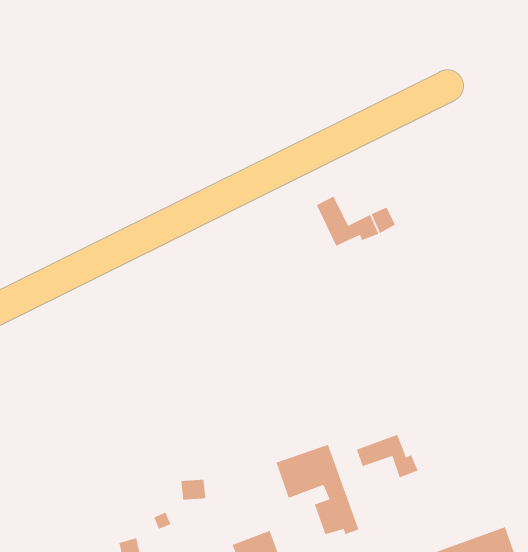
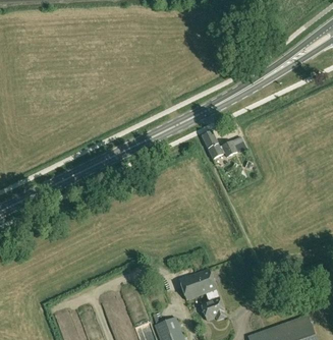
building: [356,434,419,478] -> none

